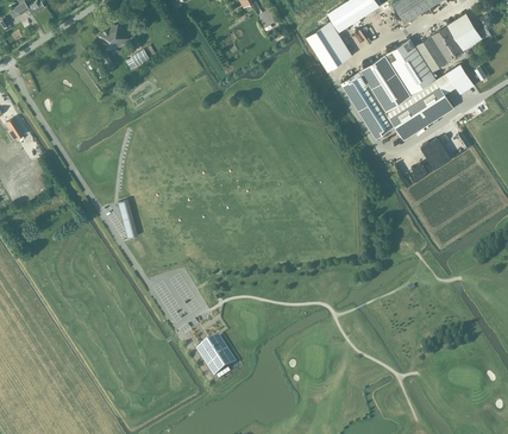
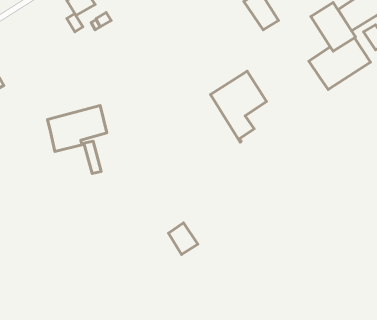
building: [341,55,407,138] -> [211,71,266,142]
building: none -> [47,105,107,152]
building: [199,338,233,375] -> [168,223,198,254]

